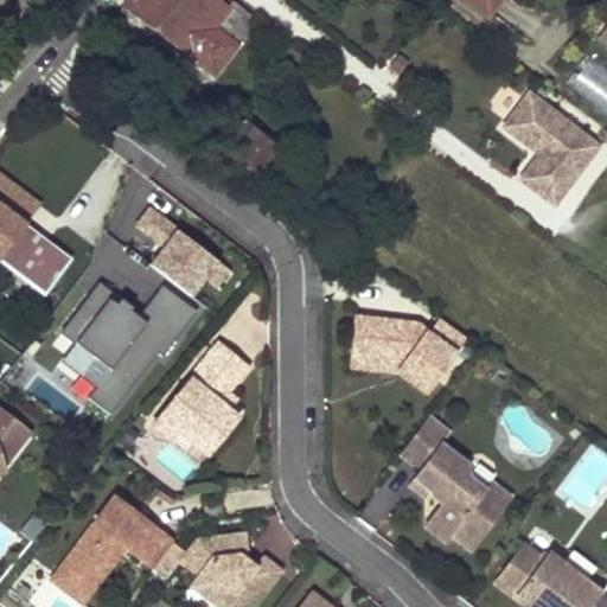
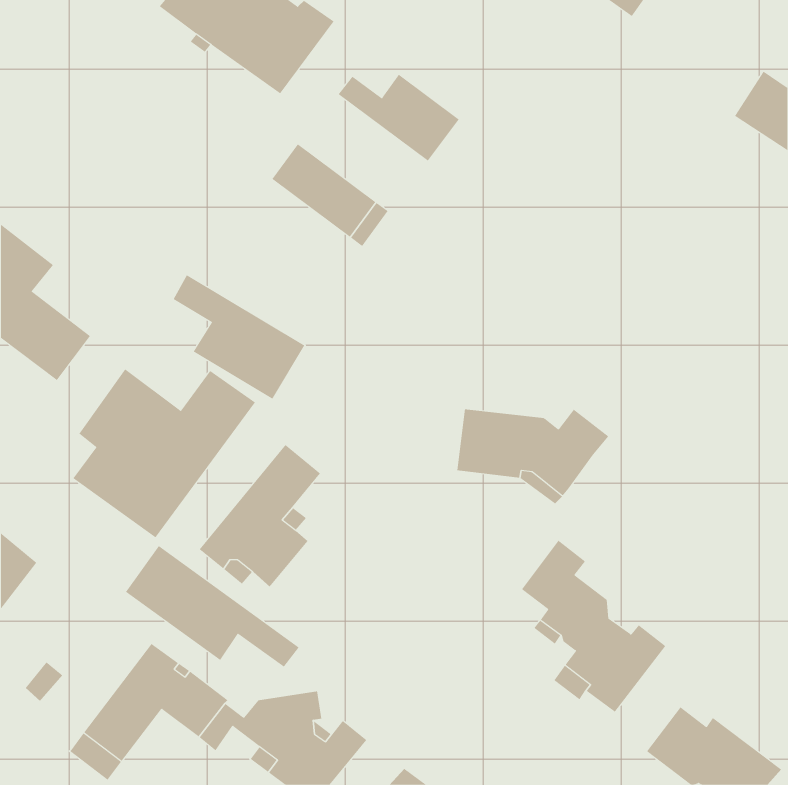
building: none -> [338,74,459,162]
building: [501,90,598,202] -> none
building: none -> [125,545,300,667]

